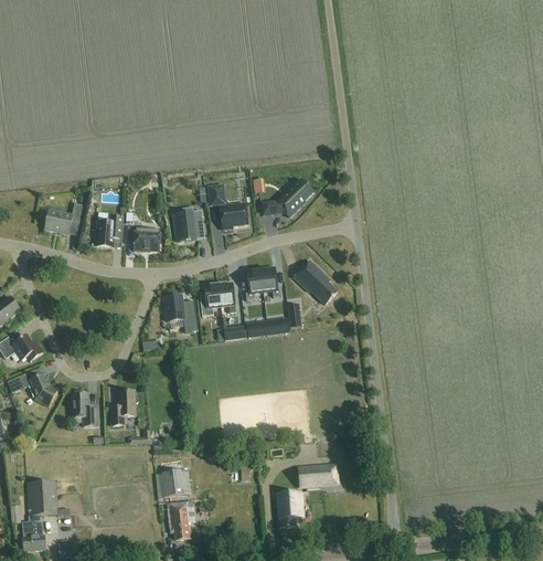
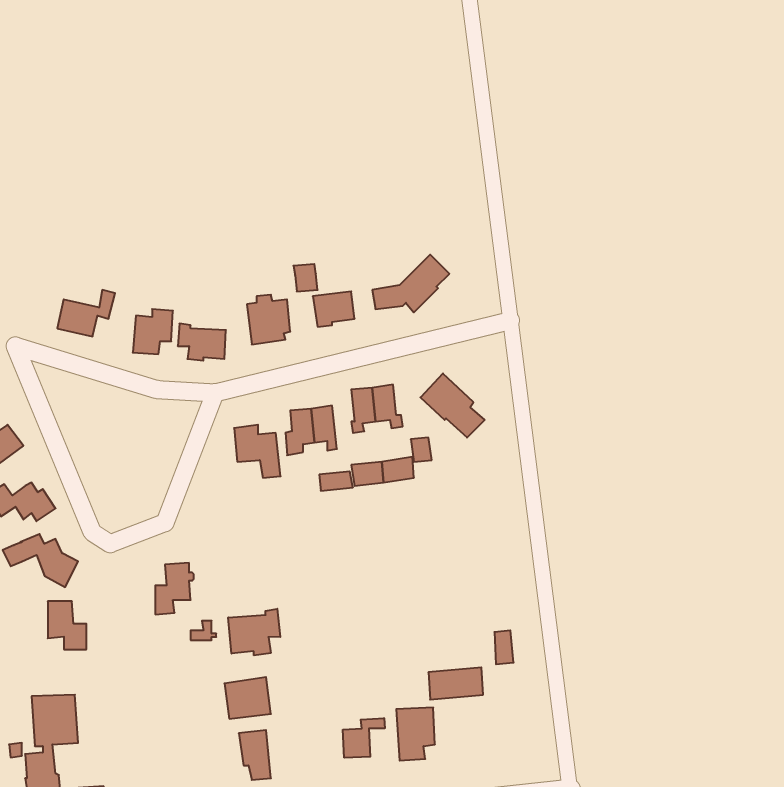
building: [71,392,97,425] -> [48,601,86,649]
building: none -> [228,609,280,655]
building: none -> [343,718,385,758]

